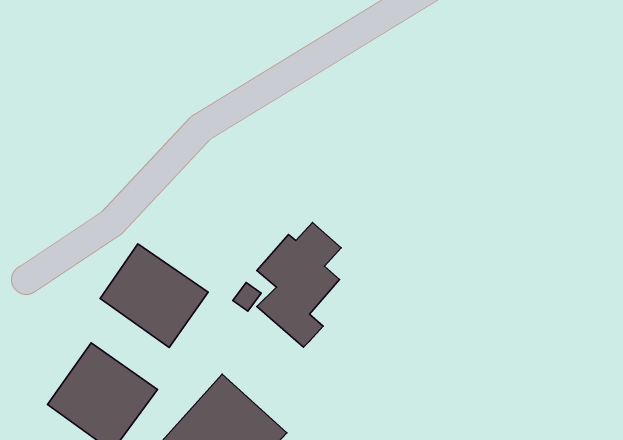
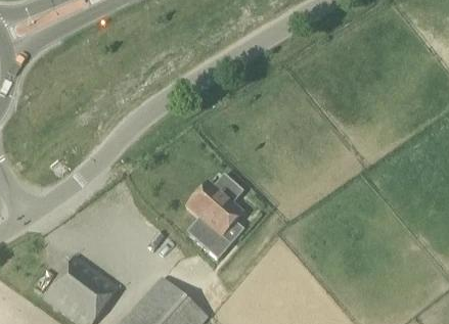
building: [100,244,208,347] -> none

